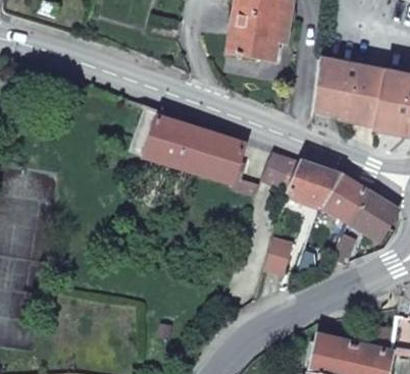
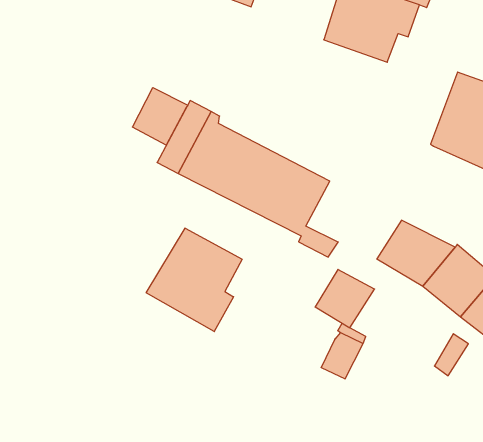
building: none -> [132,88,188,145]
building: [262,154,300,192] -> [315,269,375,328]
building: none -> [146,228,242,332]

